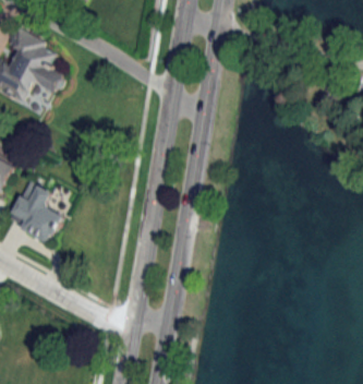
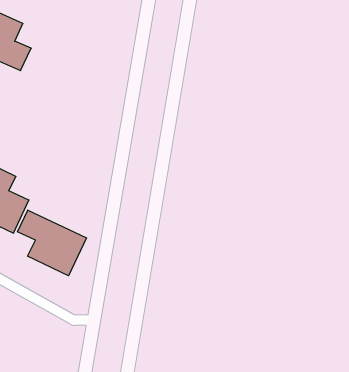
building: none -> [18,210,86,276]

